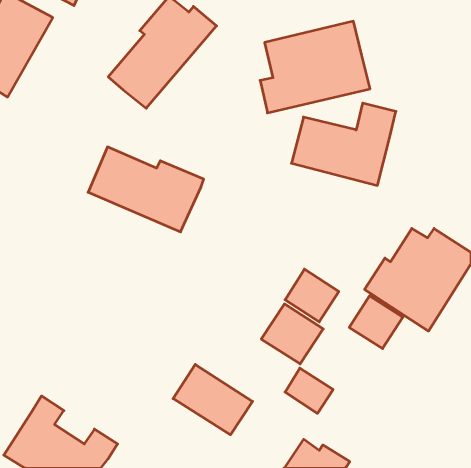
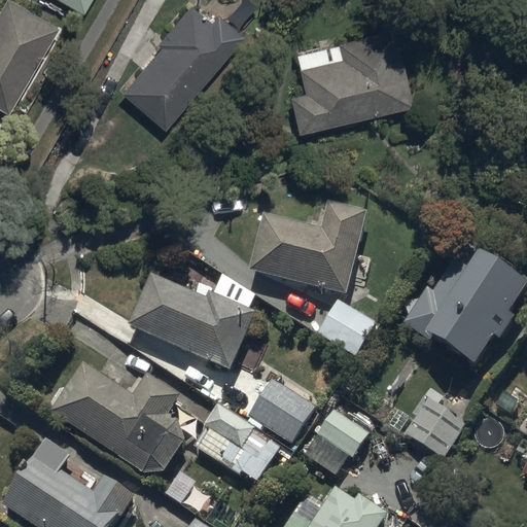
building: [291,103,396,185] -> [251,201,367,292]
building: [88,147,204,232] -> [129,276,257,371]
building: [349,296,403,349] -> [406,399,465,458]
building: [261,304,323,364] -> [248,379,317,446]
building: none -> [52,362,186,473]

